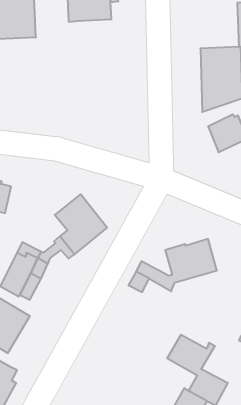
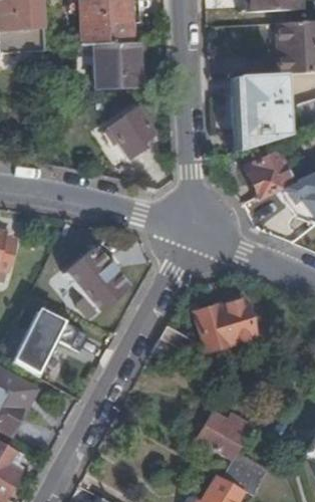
building: none -> [93,41,147,87]
building: none -> [107,108,153,158]

